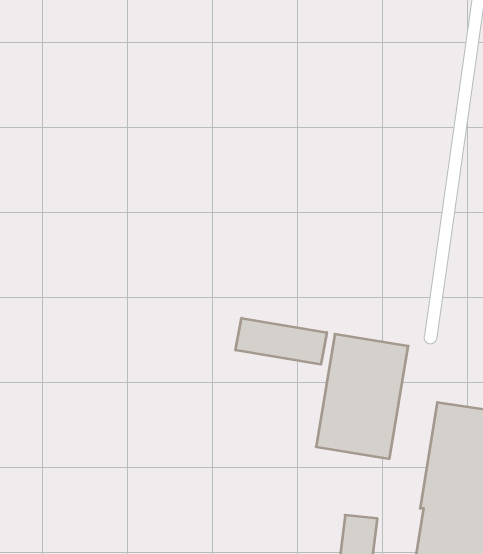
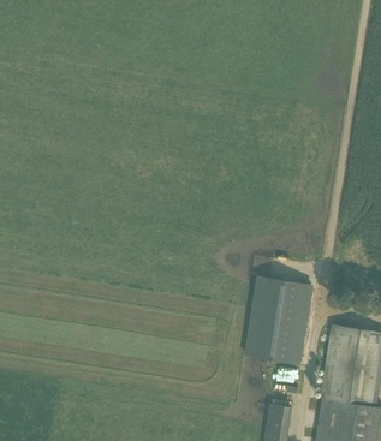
building: [236,318,327,364] -> none

